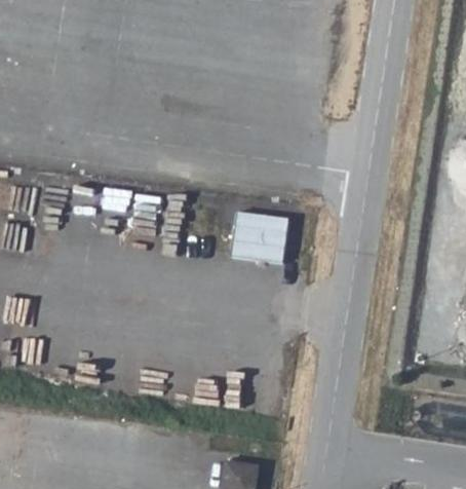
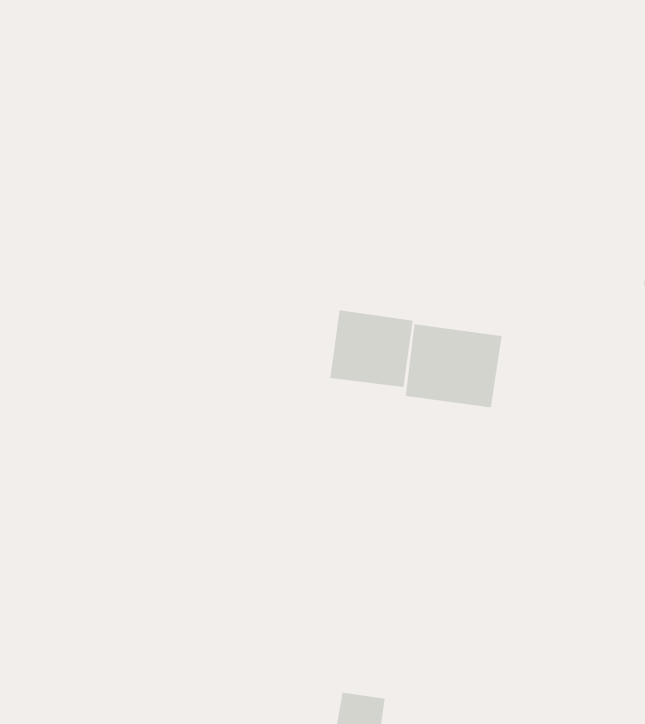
building: none -> [405,323,502,408]

